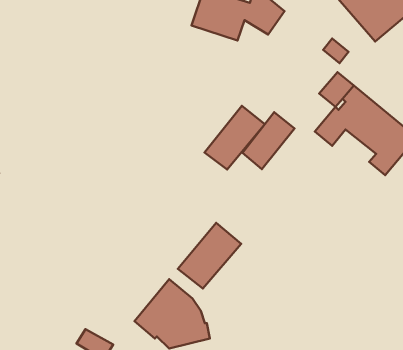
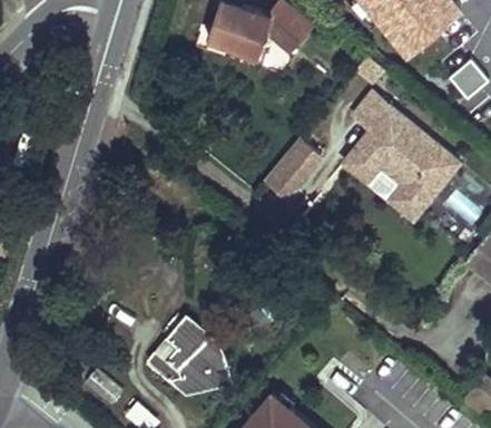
building: [205,106,265,170] -> none
building: none -> [342,154,422,218]
building: [178,223,241,289] -> none

